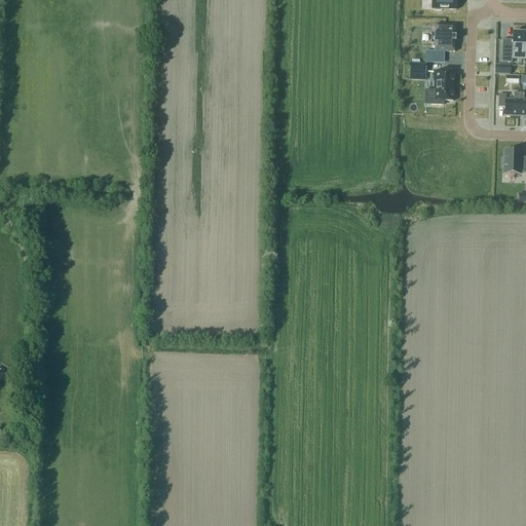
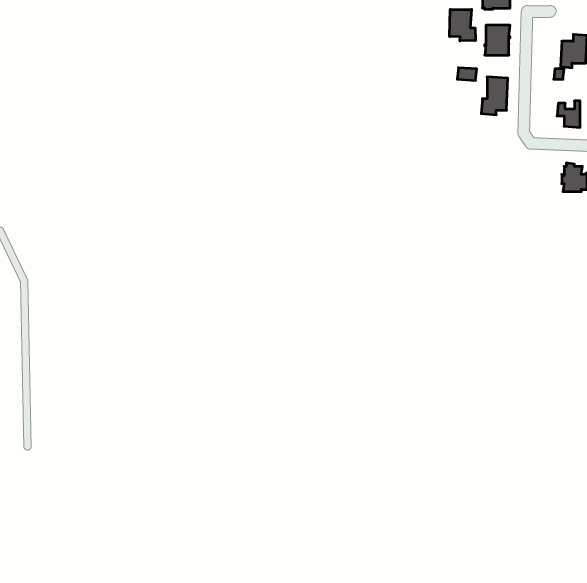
building: none -> [450,9,475,41]

